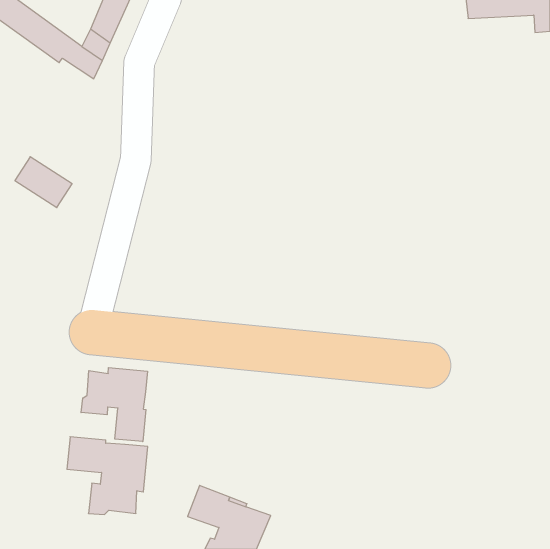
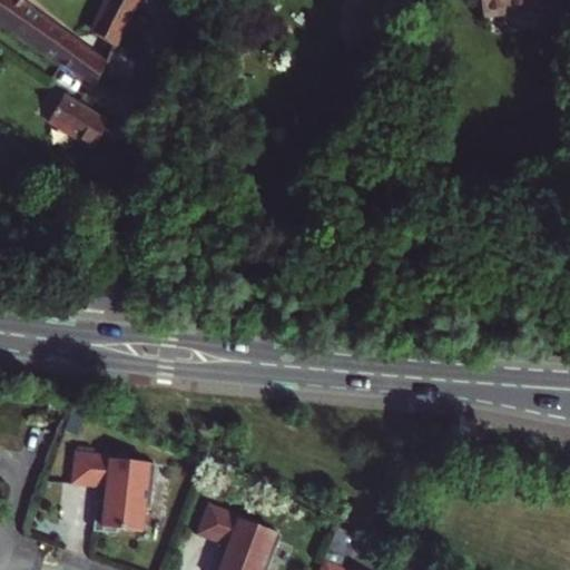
building: [15,157,72,208] -> [51,92,110,145]
building: [81,368,147,442] -> none

